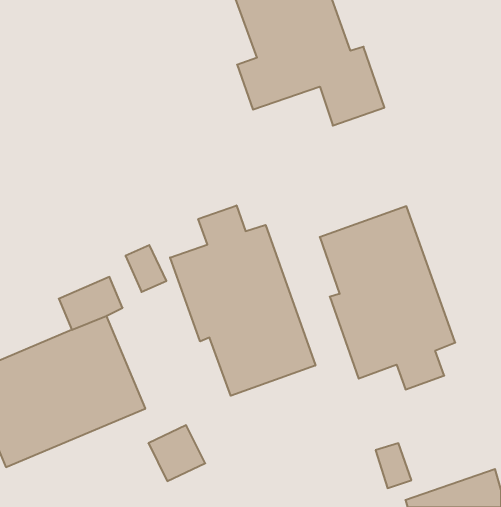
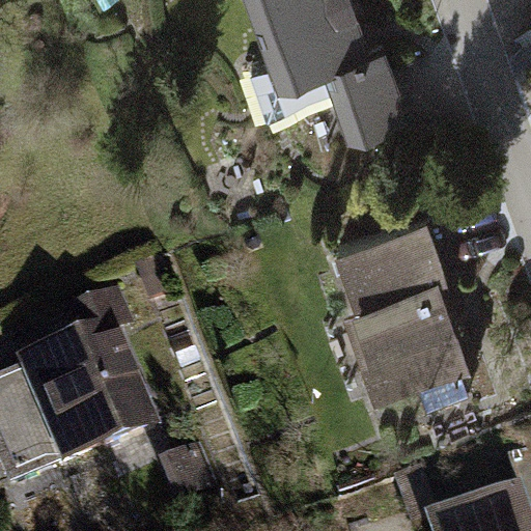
building: [170,205,315,396] -> none

